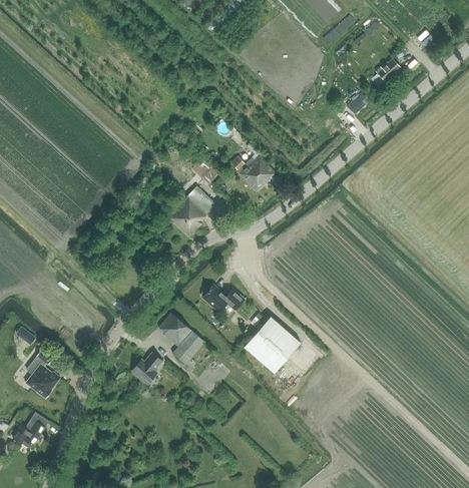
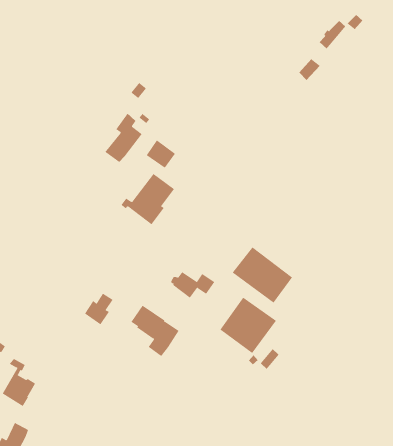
building: none -> [105,113,142,163]
building: [231,155,275,191] -> none
building: none -> [232,246,293,304]
building: [131,353,161,384] -> [84,293,114,325]

